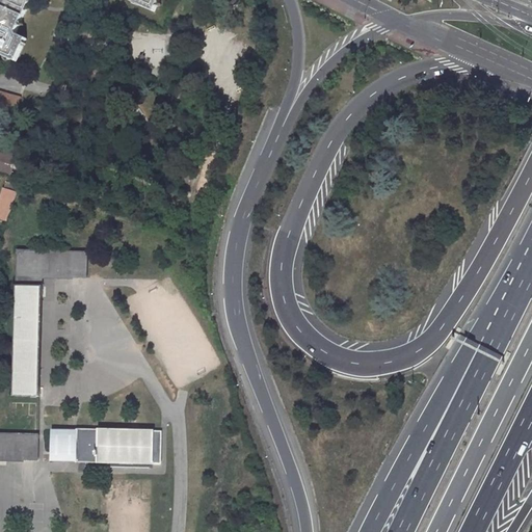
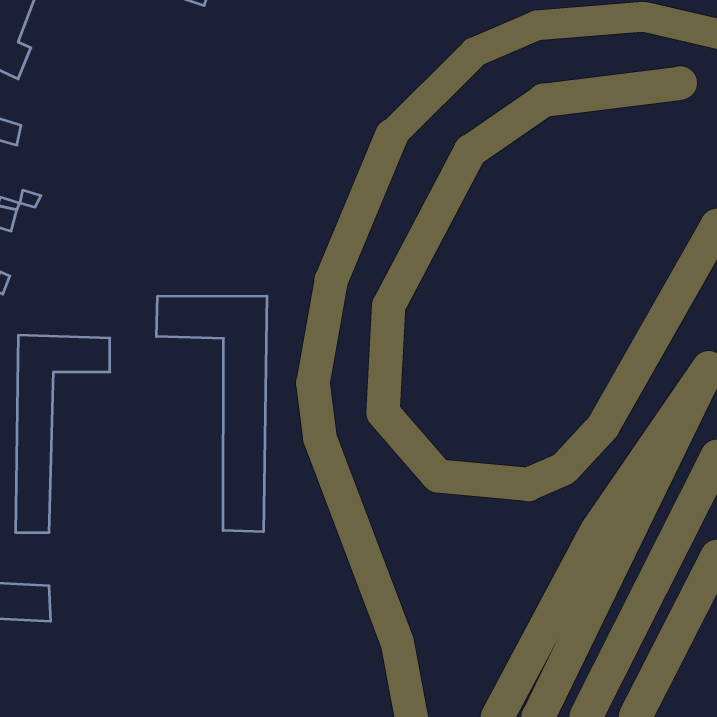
building: none -> [156,296,267,532]
building: [52,429,161,463] -> none

